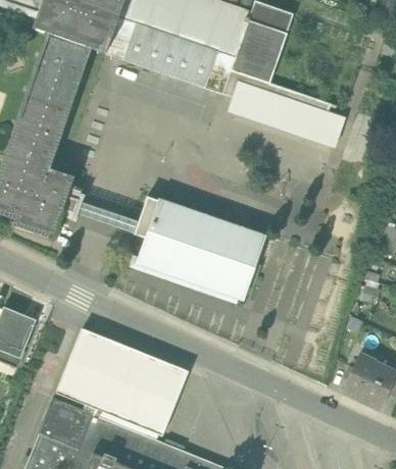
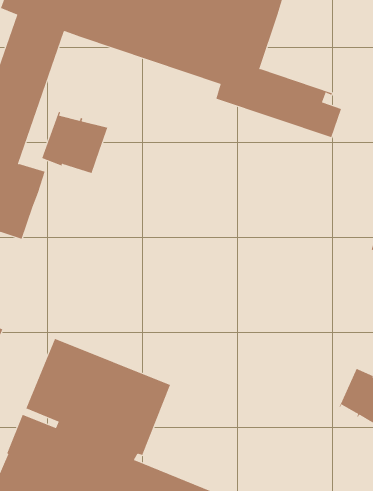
building: none -> [42,110,108,174]
building: [63,196,265,299] -> none

